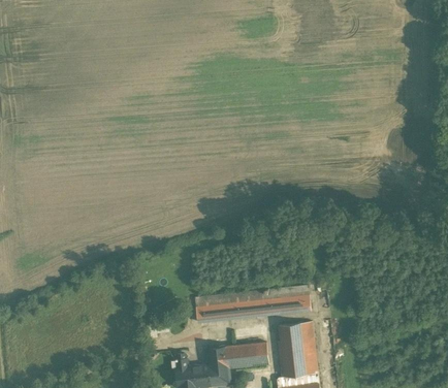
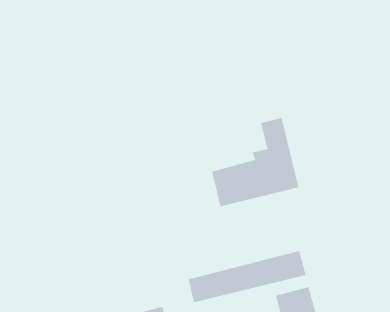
building: none -> [211,117,299,207]

